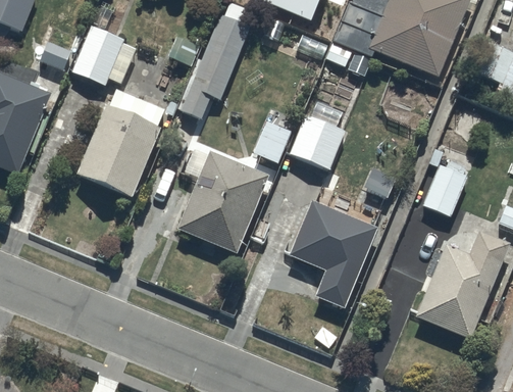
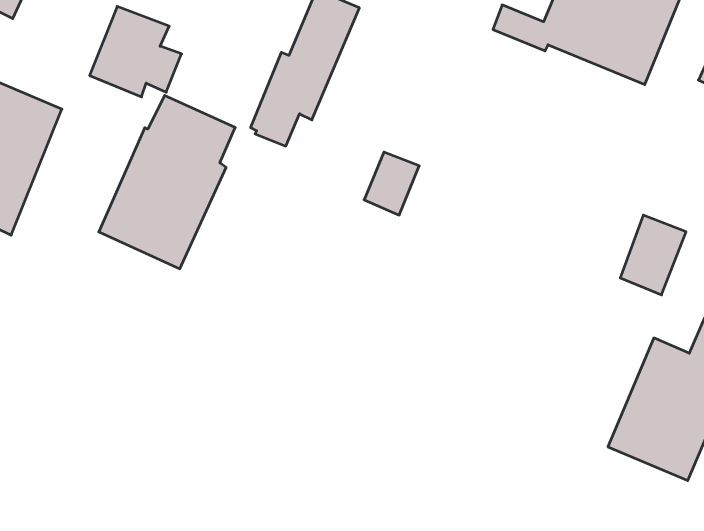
building: [291,105,351,169] -> none
building: [175,145,268,253] -> none
building: [289,200,377,307] -> none

